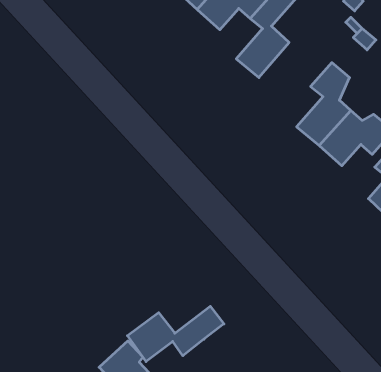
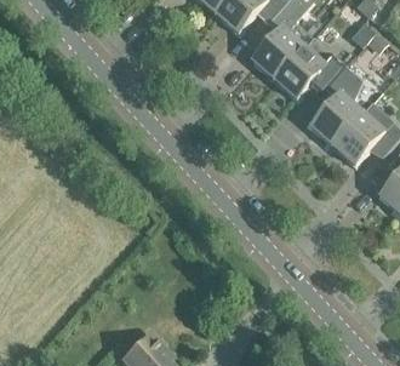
building: none -> [276,36,347,99]
building: [127,306,224,362] -> none

